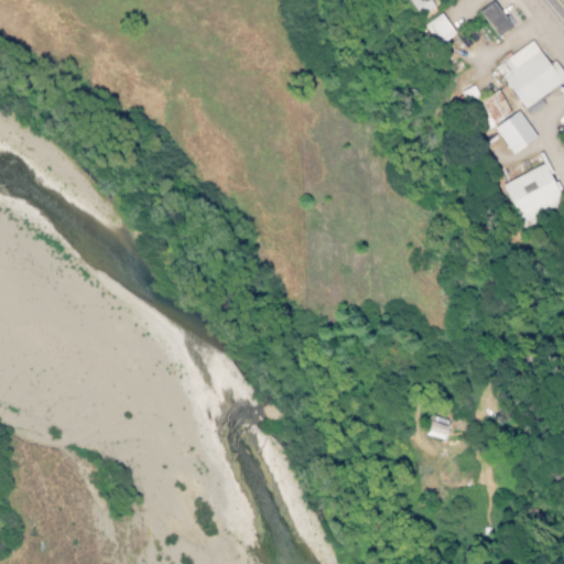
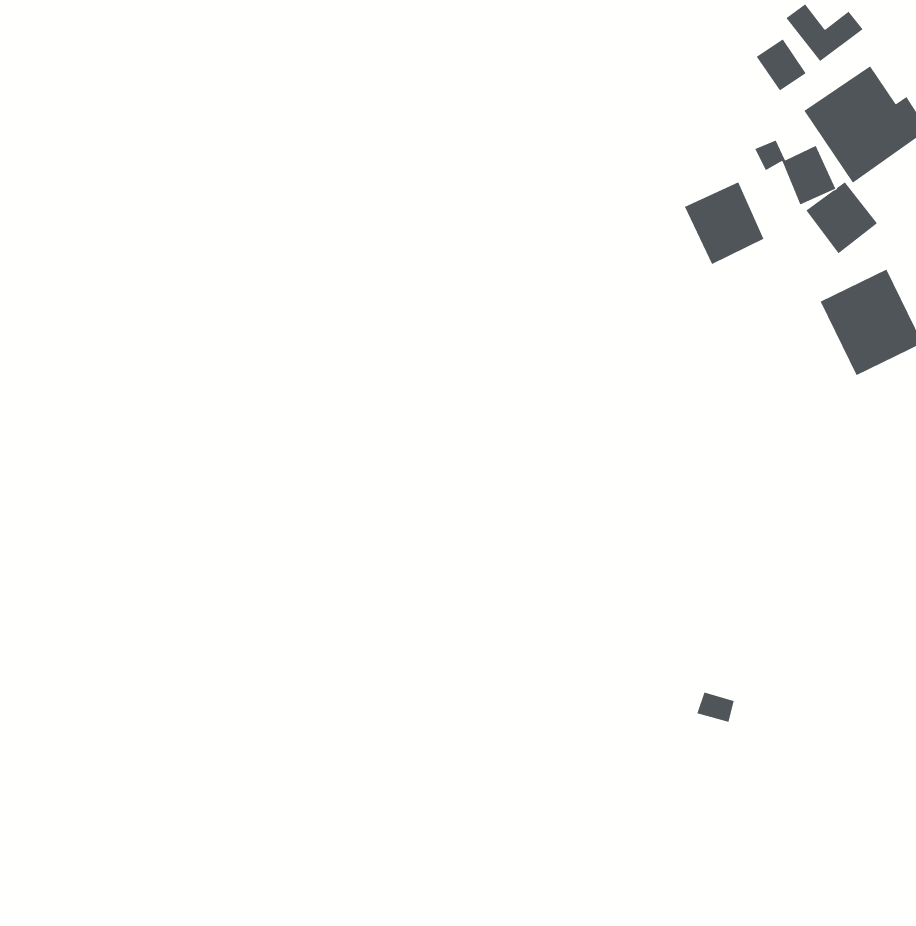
building: [425,13,456,45] -> [756,39,807,91]
building: none -> [684,182,764,265]

